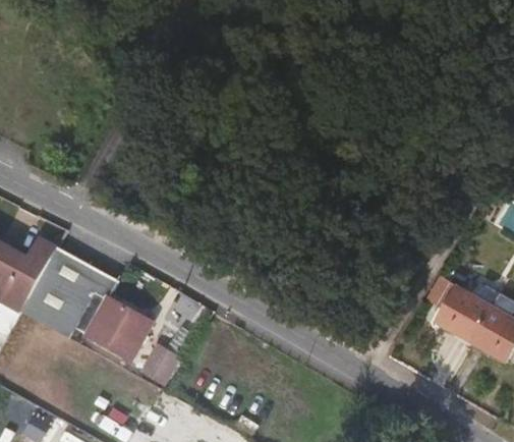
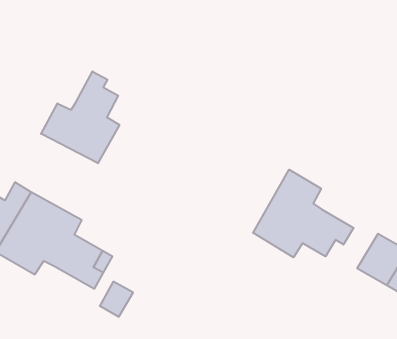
building: none -> [41,71,119,163]
building: none -> [253,170,354,257]

